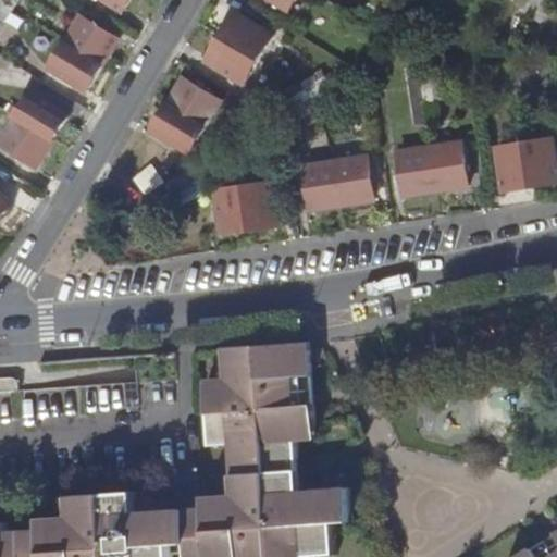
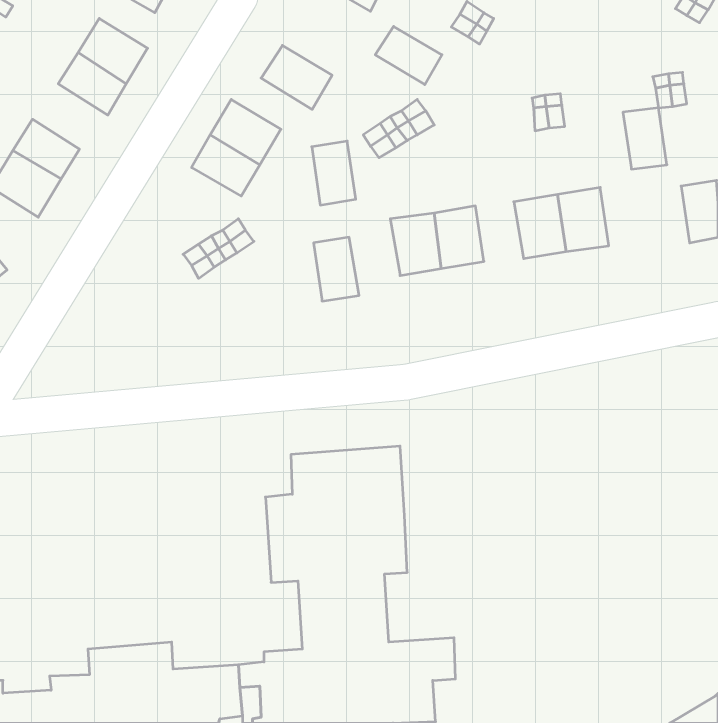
building: [216,13,268,58] -> [375,26,442,85]
building: [495,143,529,189] -> [623,108,667,169]
building: [213,186,247,235] -> [312,141,356,205]

